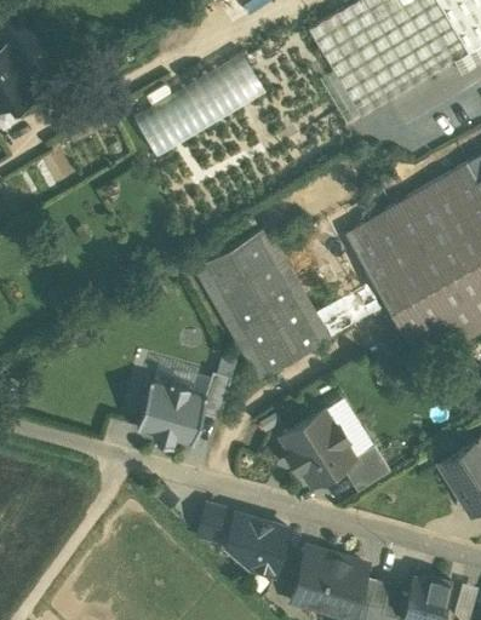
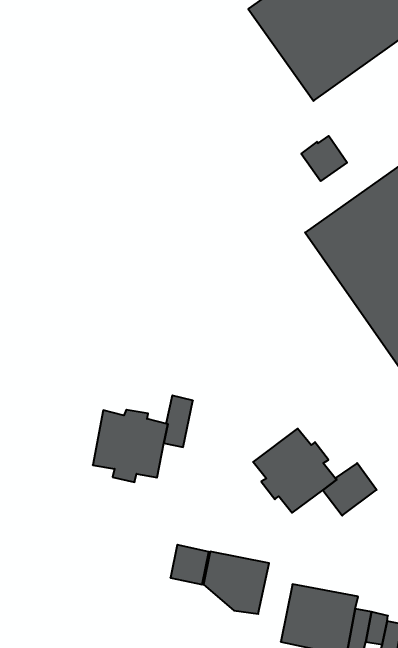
building: [137,53,265,156] -> none
building: none -> [301,136,347,181]
building: [197,230,328,379] -> none

